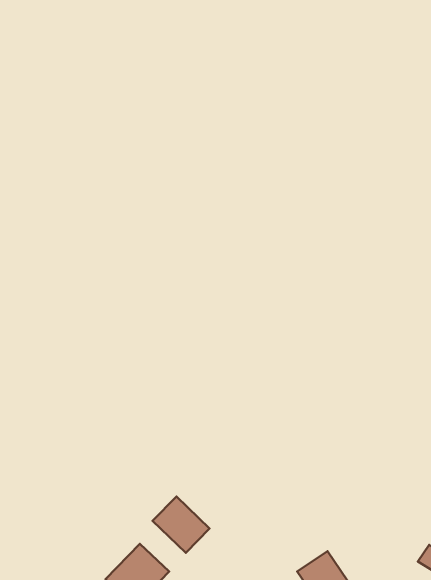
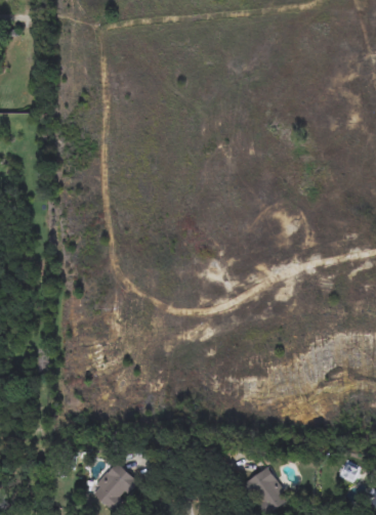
building: [153,496,210,553] -> none

